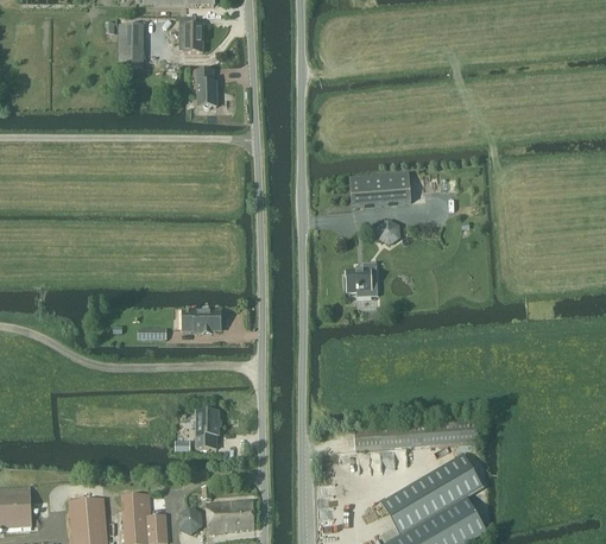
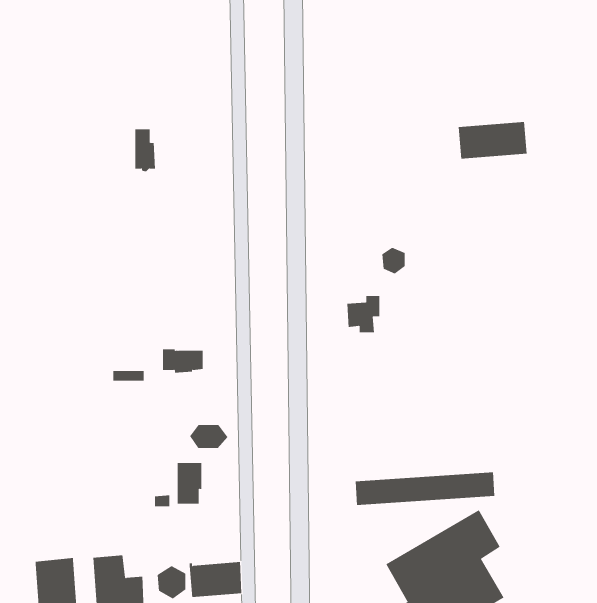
building: [179,17,202,51] -> none
building: [118,24,143,65] -> none
building: [197,70,216,108] -> [135,129,156,172]
building: [348,172,410,205] -> [458,122,528,159]
building: none -> [190,424,228,449]

